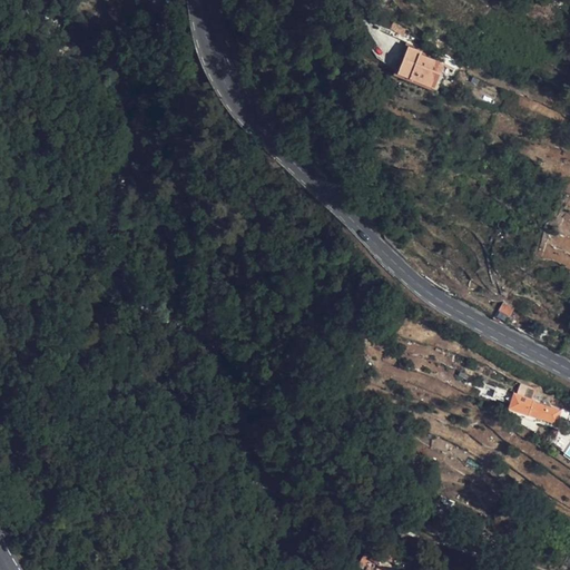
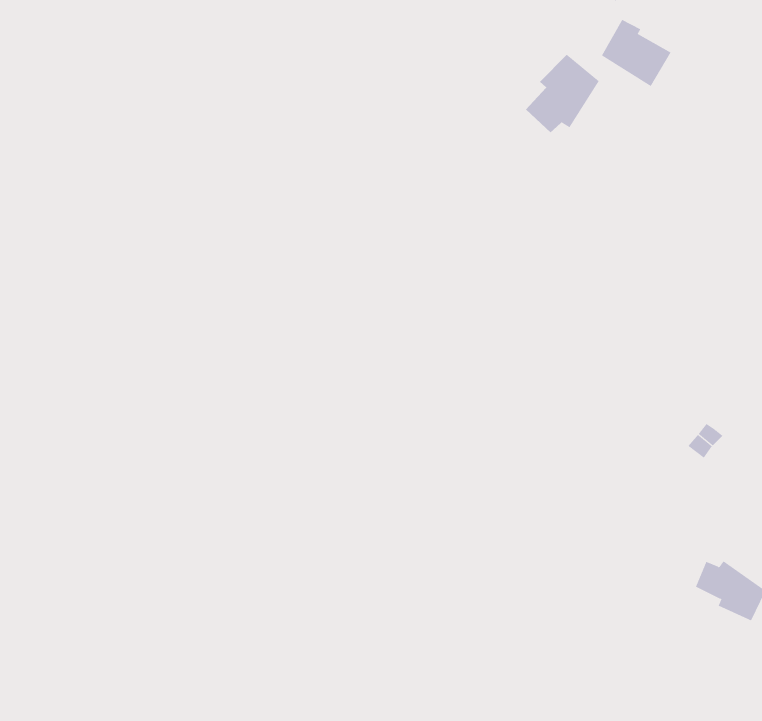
building: none -> [525,54,599,133]

